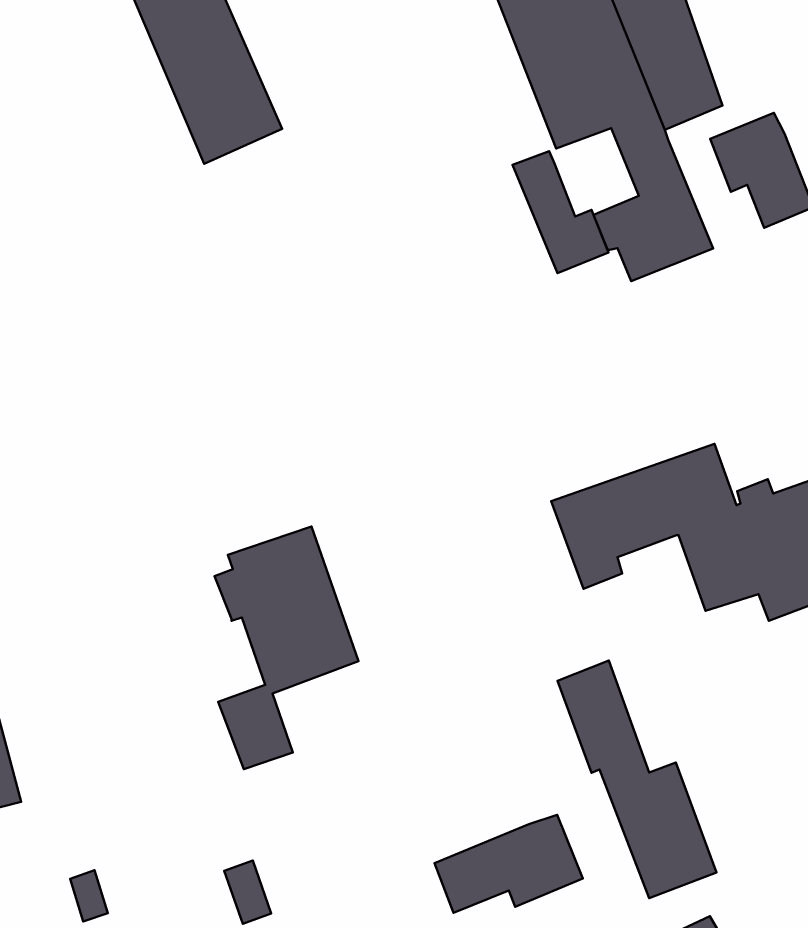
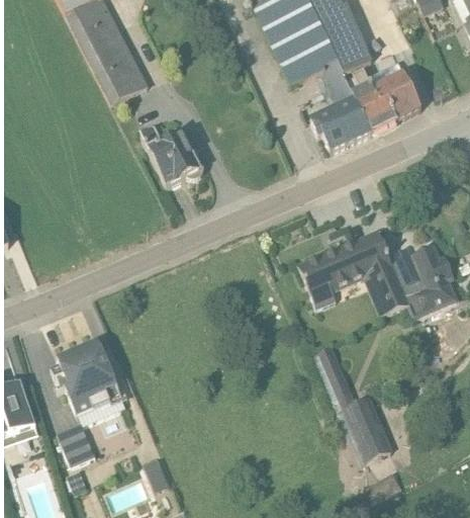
building: [513,151,609,273] -> [346,69,397,131]
building: none -> [140,123,199,184]
building: [214,526,359,769] -> [51,339,126,464]
building: [434,815,583,913] -> none

